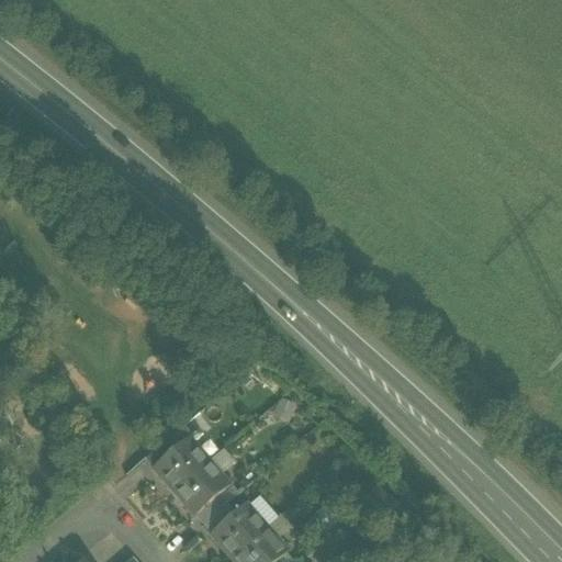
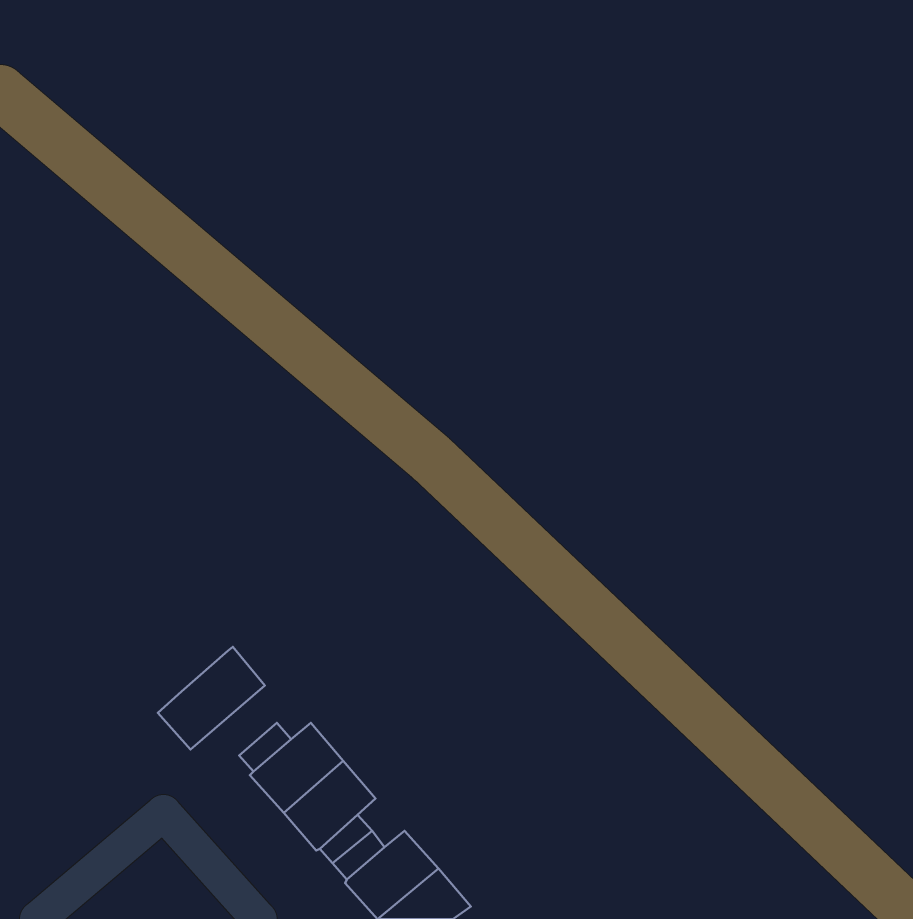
building: none -> [158,647,265,750]

